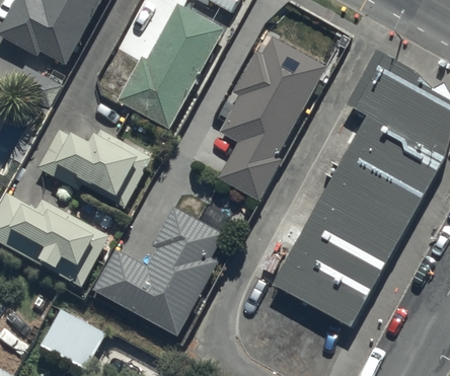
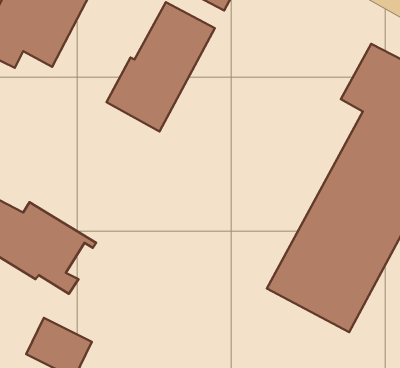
building: [219,35,326,200] -> none
building: [38,128,152,198] -> none
building: [91,207,224,335] -> none

